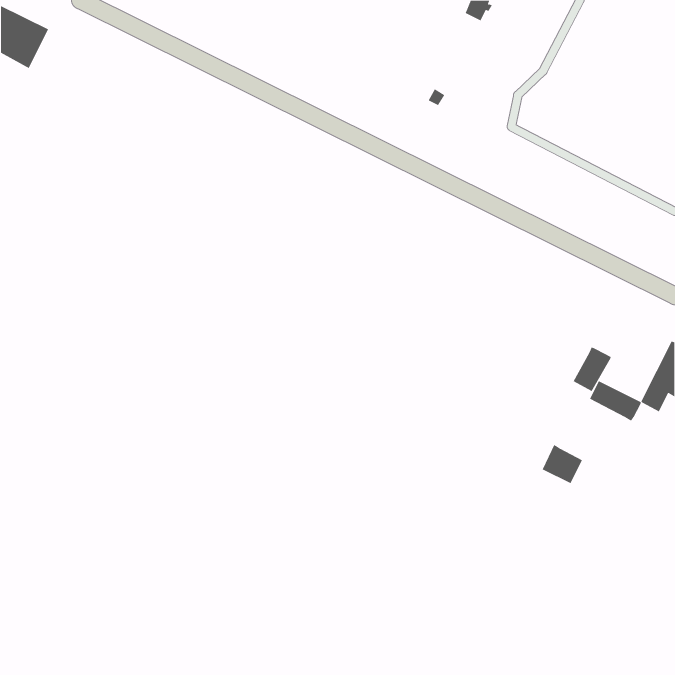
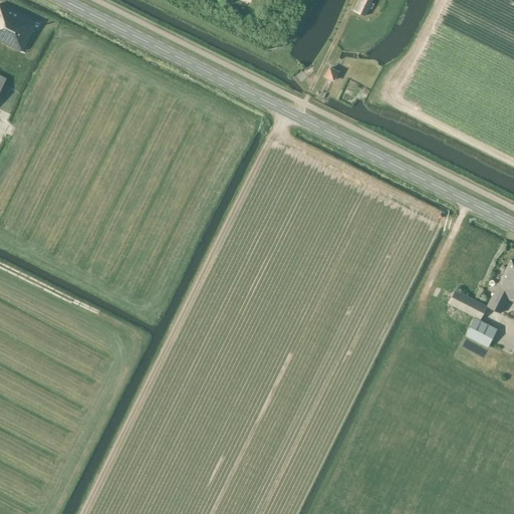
building: [573,347,611,392] -> none
building: [542,444,583,484] -> [466,317,497,347]

